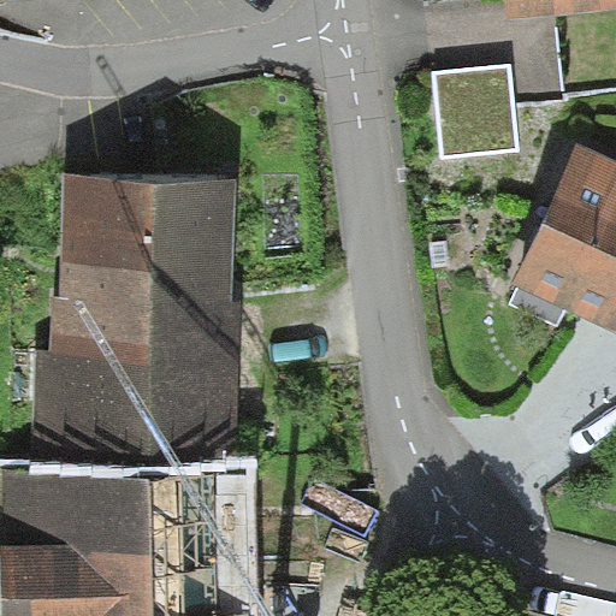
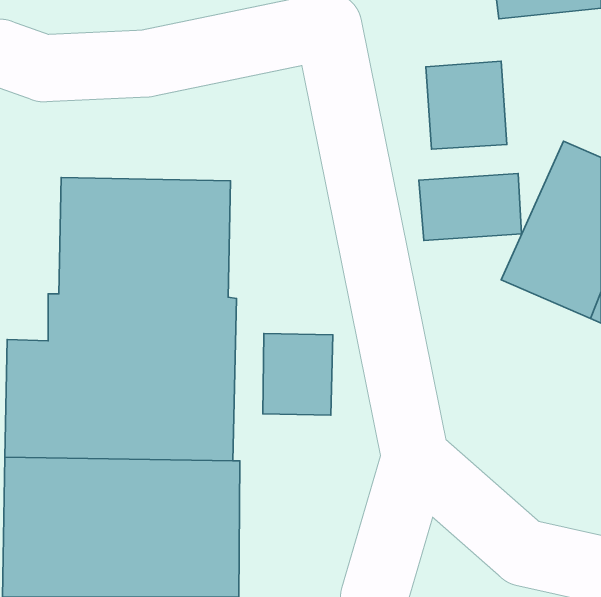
building: none -> [419,173,522,241]
building: none -> [263,333,333,415]

